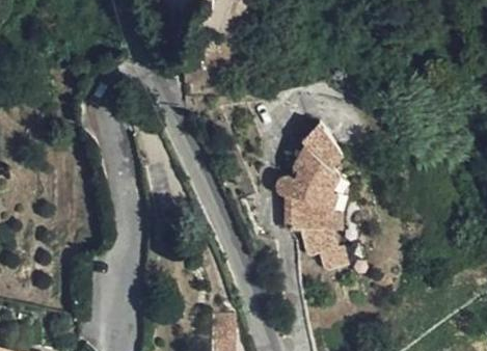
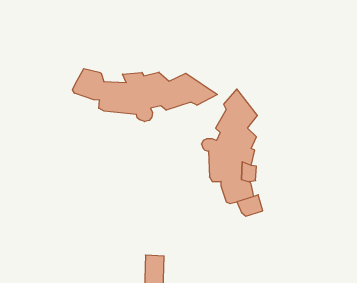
building: none -> [72,69,217,122]

